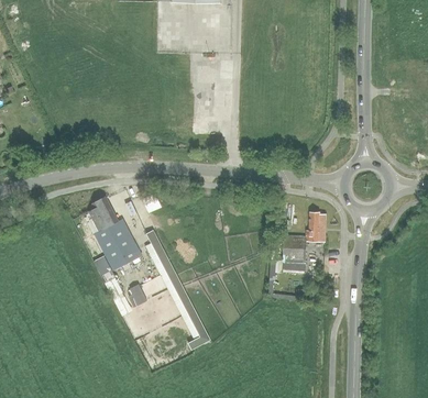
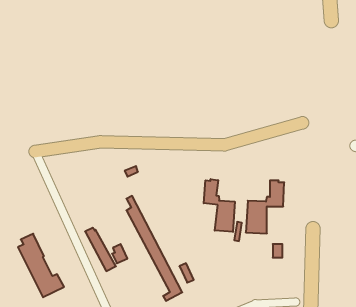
building: [88,195,141,267] -> [18,234,64,297]
building: none -> [204,179,235,232]

